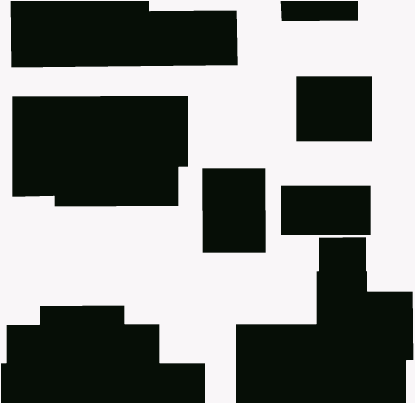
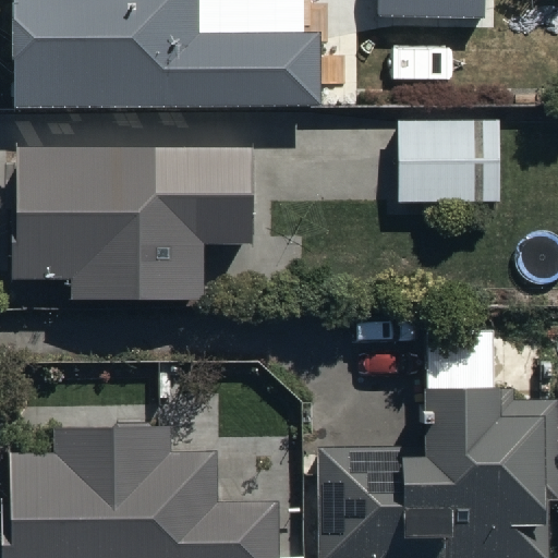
building: [201,168,267,253] -> none
building: [280,185,372,236] -> none

